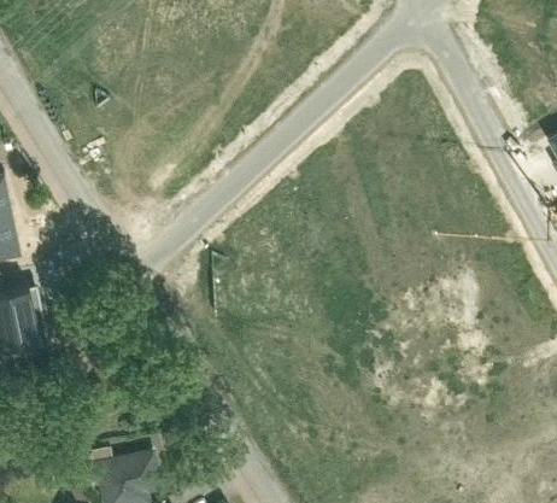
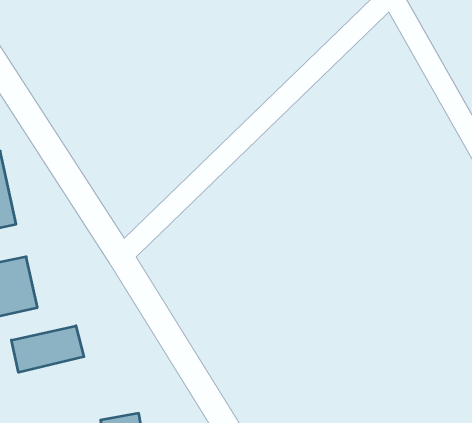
building: none -> [11,326,84,372]

